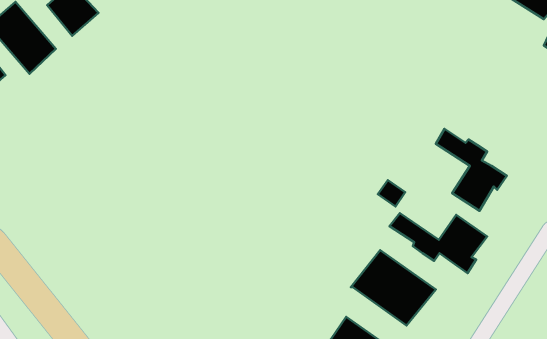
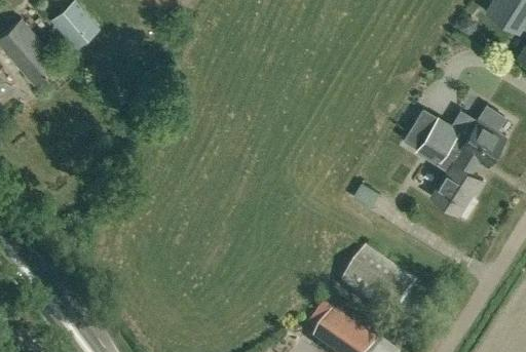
building: none -> [423,111,457,146]
building: none -> [455,116,505,167]
building: [390,213,487,273] -> none

